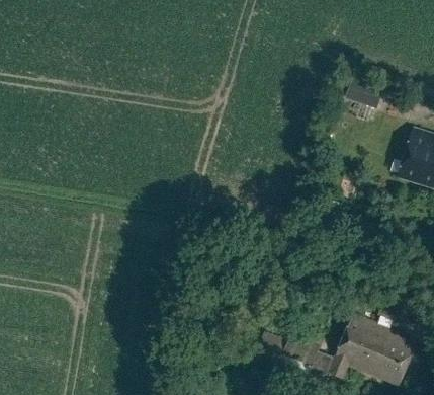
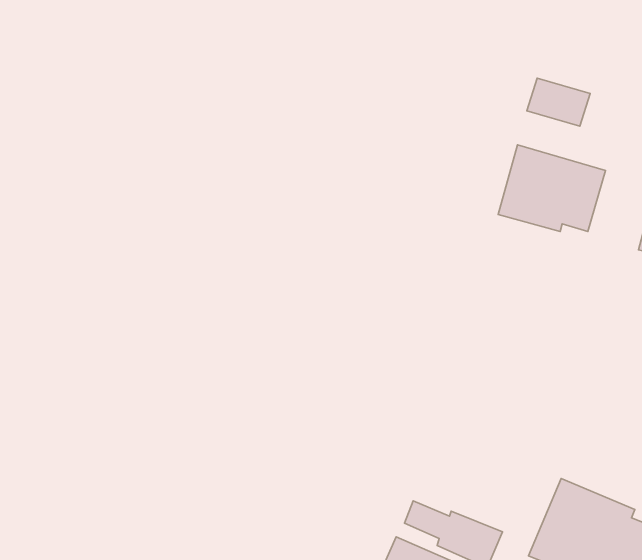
building: none -> [498,145,606,232]

